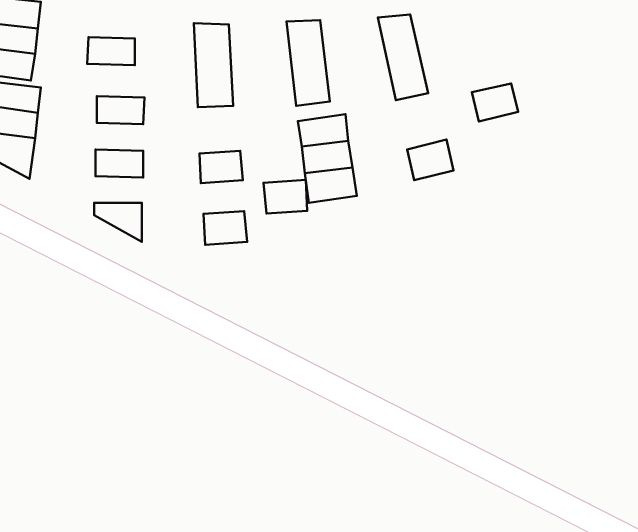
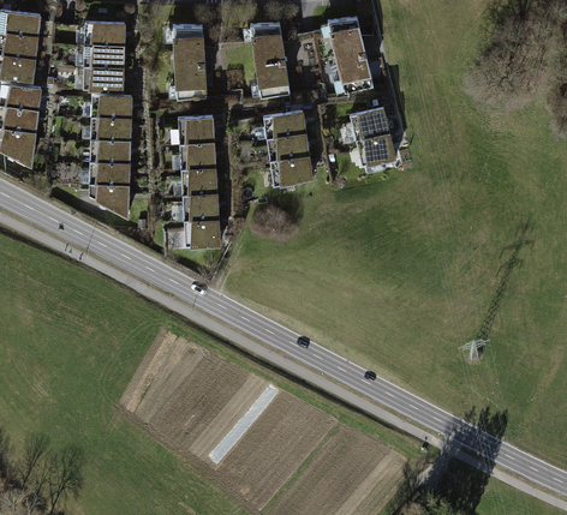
building: none -> [83,19,124,43]
building: none -> [82,65,123,89]
building: [472,84,518,122] -> [350,106,389,138]
building: none -> [177,113,213,142]
building: none -> [89,115,130,139]
building: none -> [88,161,130,184]
building: [264,180,307,214] -> [179,164,216,193]
building: none -> [183,217,220,247]

